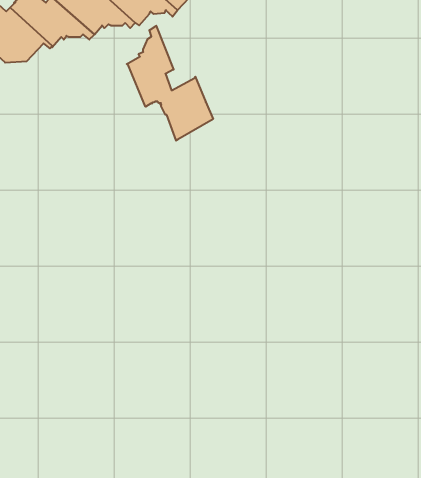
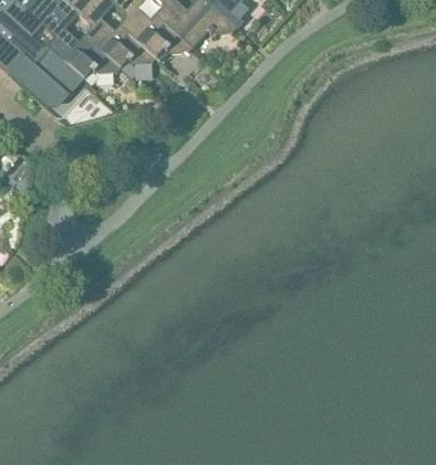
building: [127,26,213,141] -> none

